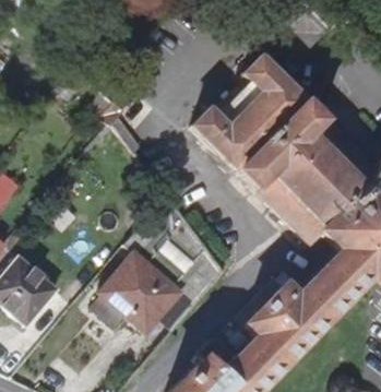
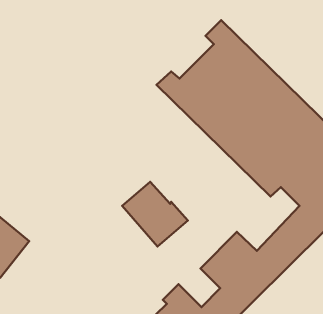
building: [97,254,179,334] -> none

